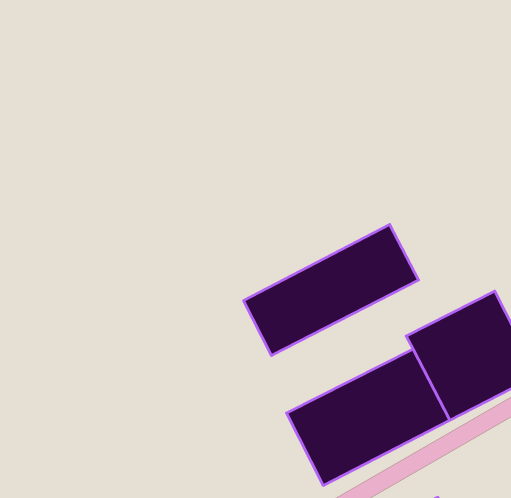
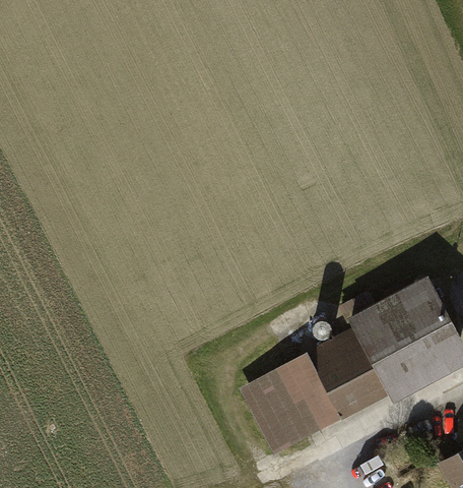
building: [244,224,419,356] -> none

